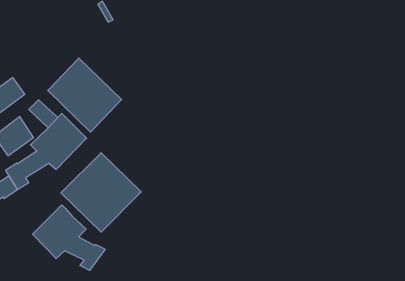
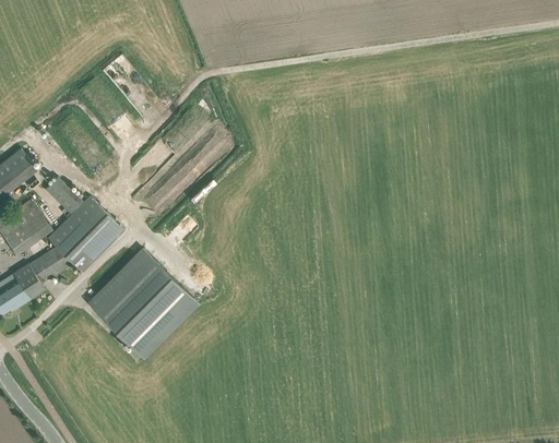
building: [48,58,122,132] -> none
building: [33,205,105,270] -> none

